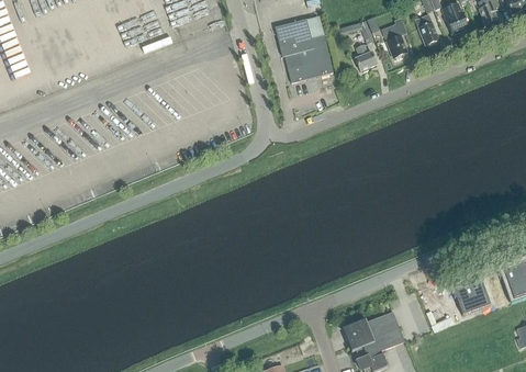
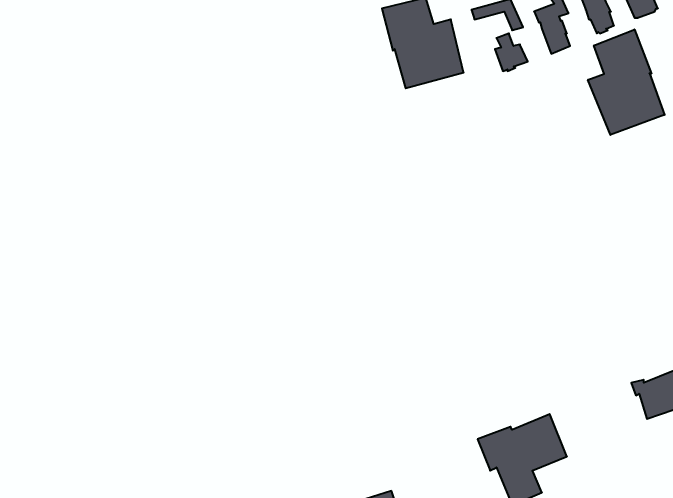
building: none -> [588,29,665,135]

